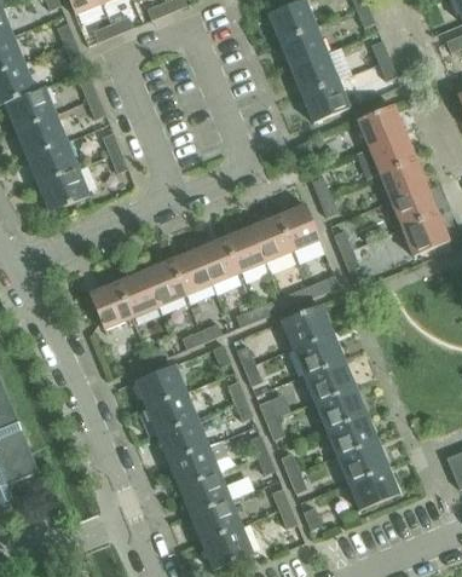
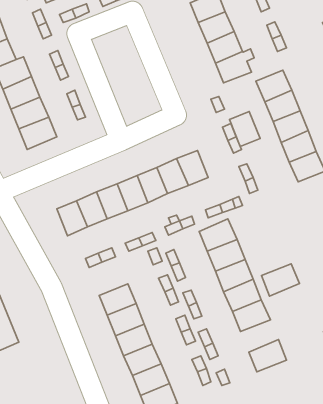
building: [278,202,319,249] -> [229,112,260,147]
building: [135,365,185,408] -> none
building: [336,440,387,484] -> [262,264,299,296]

